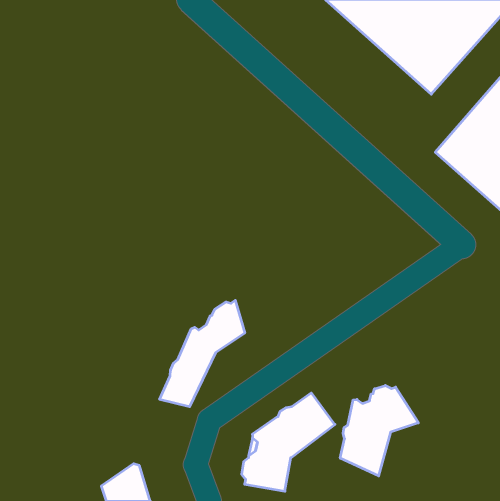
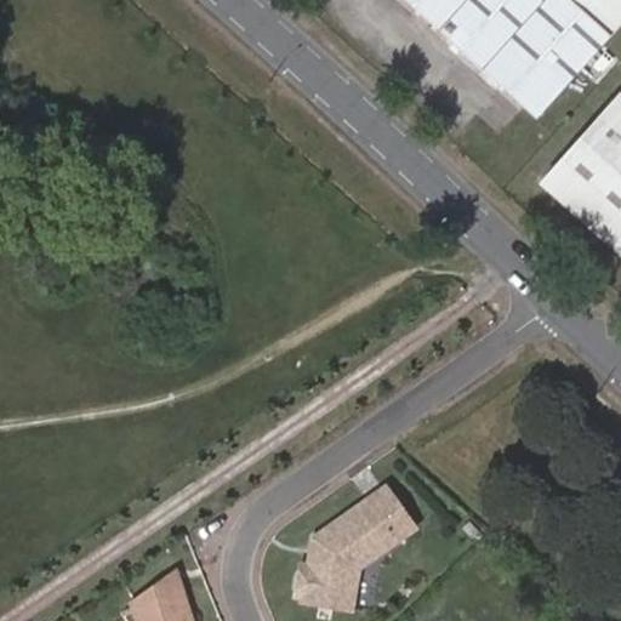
building: [160,300,245,407] -> none
building: [340,385,418,476] -> none

